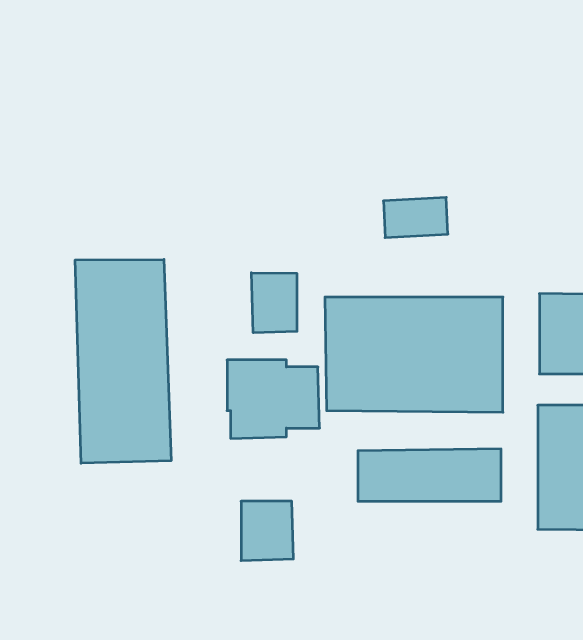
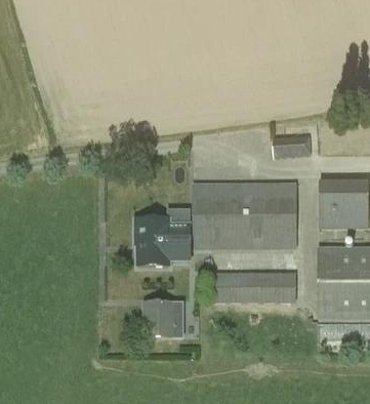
building: [383,197,448,238] -> [273,134,311,158]
building: [75,259,171,463] -> none
building: [251,273,297,333] -> none

